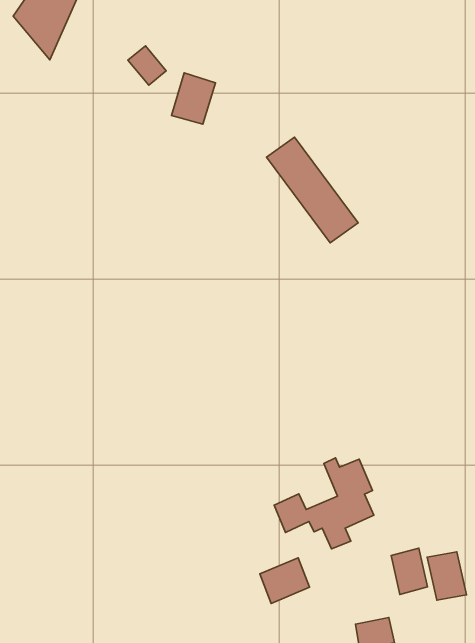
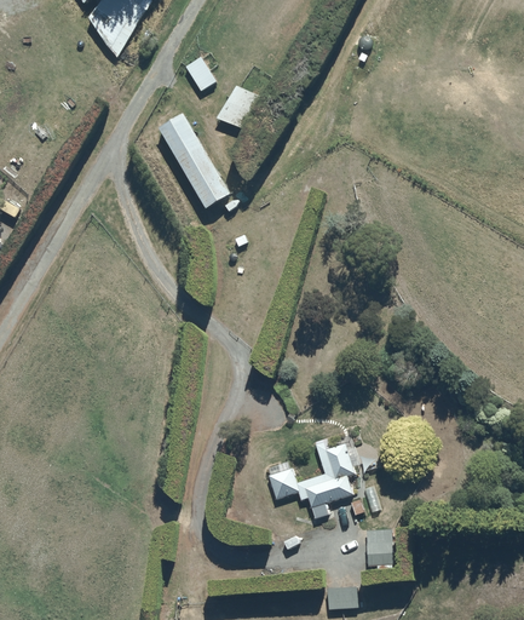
building: [267,137,358,243] -> [159,111,232,208]
building: [427,552,467,600] -> none
building: [260,558,309,603] -> none

